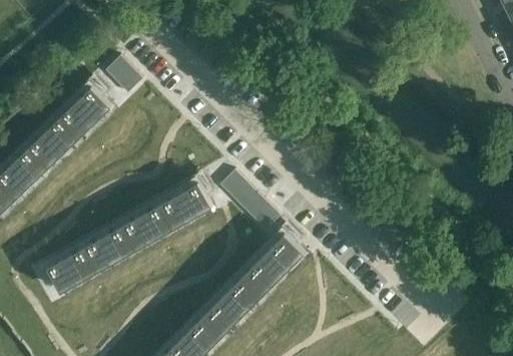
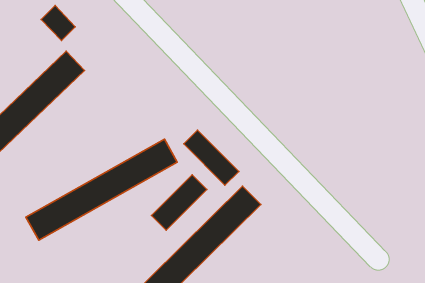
building: [105,55,142,93] -> [41,6,75,40]
building: none -> [151,175,207,230]

